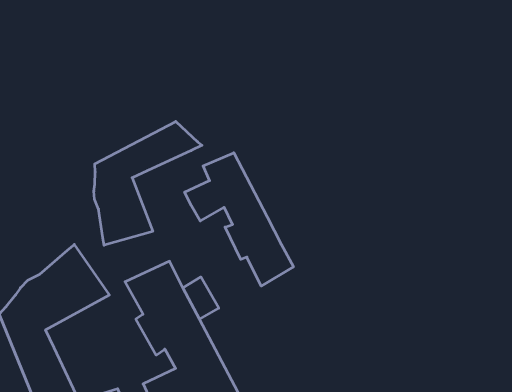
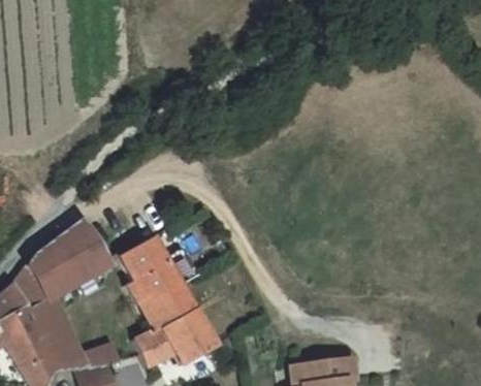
building: [94,121,202,245] -> none
building: [185,153,293,286] -> none

